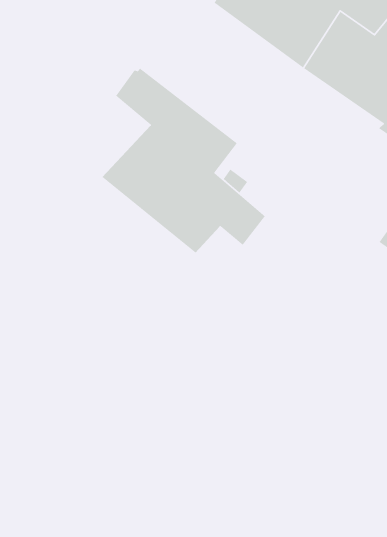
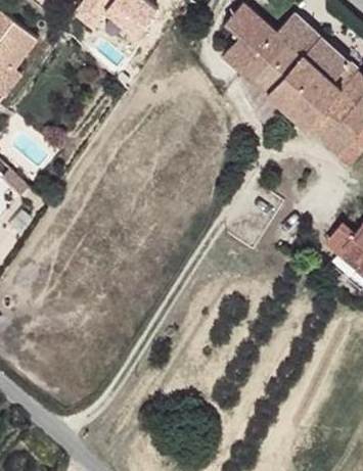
building: [102,67,266,254] -> none

